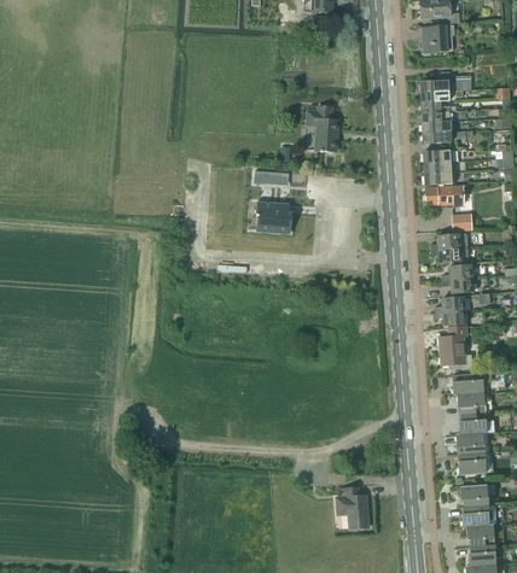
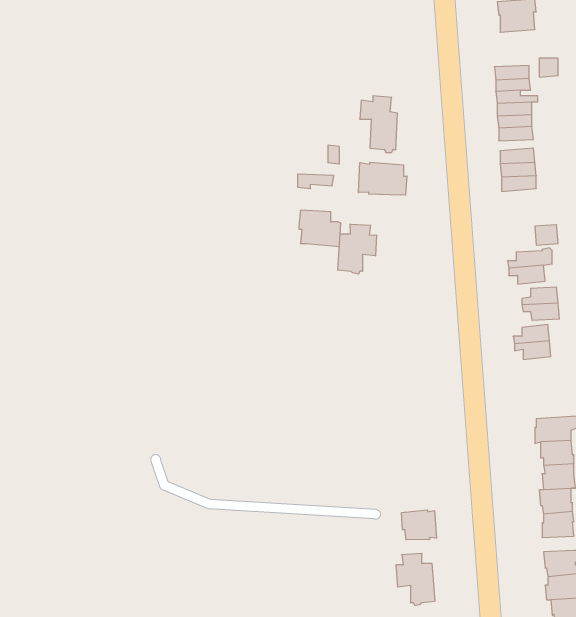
building: none -> [359,162,407,195]
building: [425,186,464,206] -> none
building: none -> [338,224,377,274]
building: [440,327,472,369] -> none
building: none -> [402,510,437,540]

